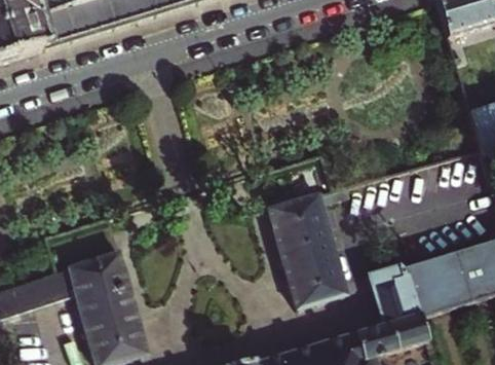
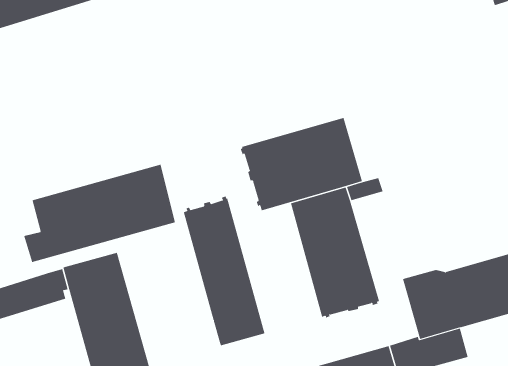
building: none -> [240,117,363,211]
building: none -> [24,164,175,263]
building: none -> [183,196,265,346]

